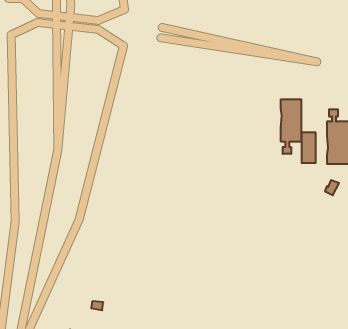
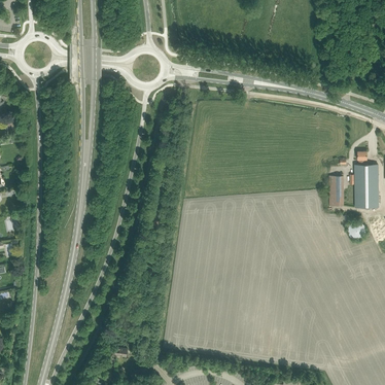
building: [281,99,301,154] -> none

